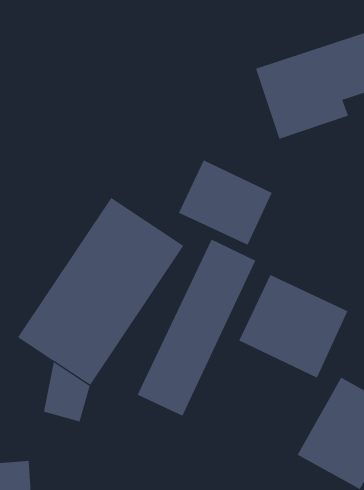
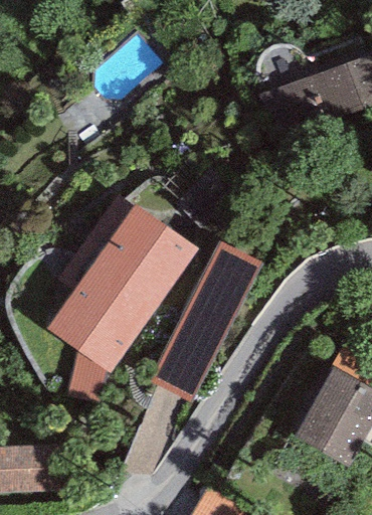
building: [178,160,272,246] -> none
building: [238,274,348,378] -> none

